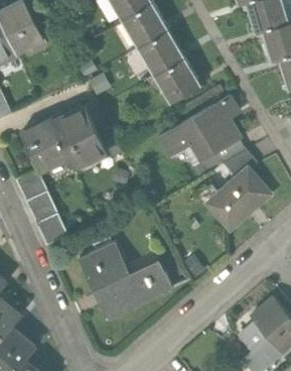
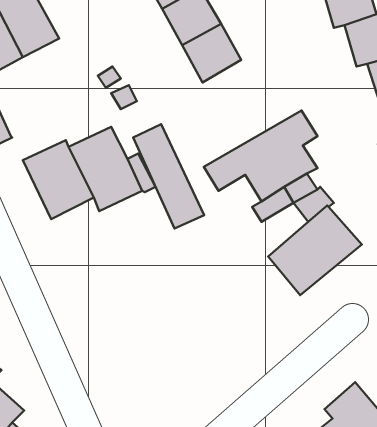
building: [155,55,201,102] -> none
building: [15,170,68,249] -> [133,124,204,229]
building: [82,247,169,320] -> none

